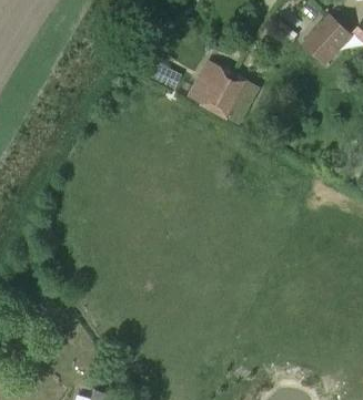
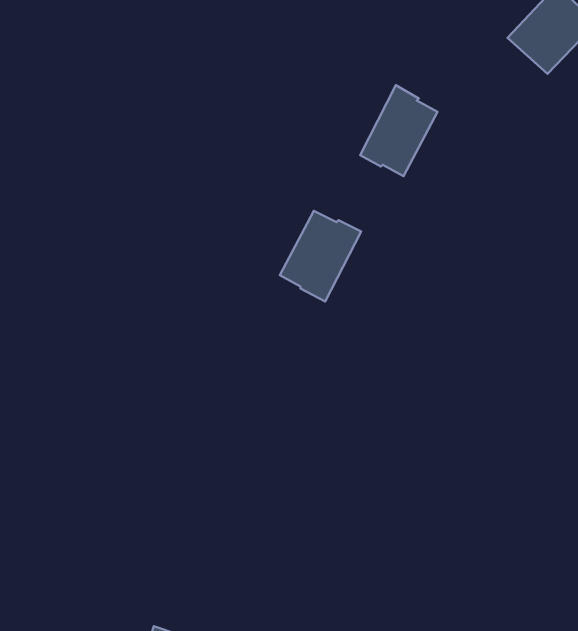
building: [188,60,235,113] -> [280,211,361,302]

